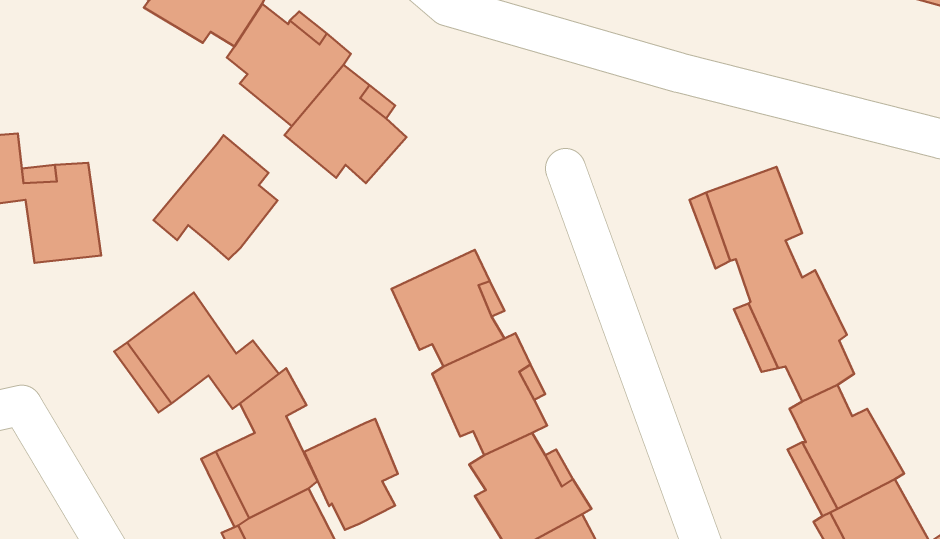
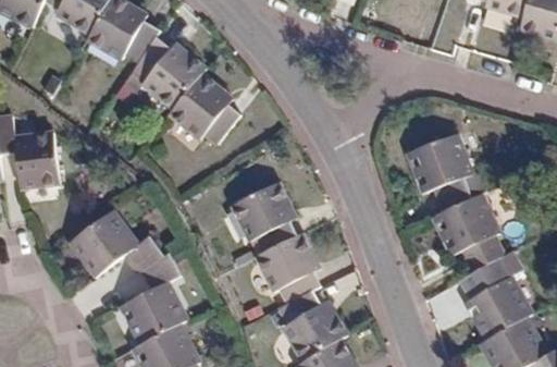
building: [153,135,278,260] -> none
building: [304,419,398,530] -> none

